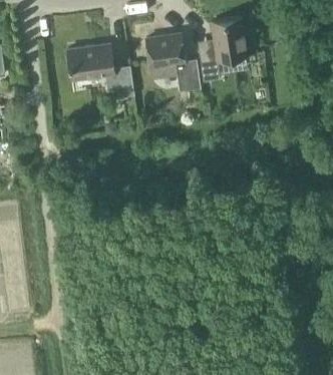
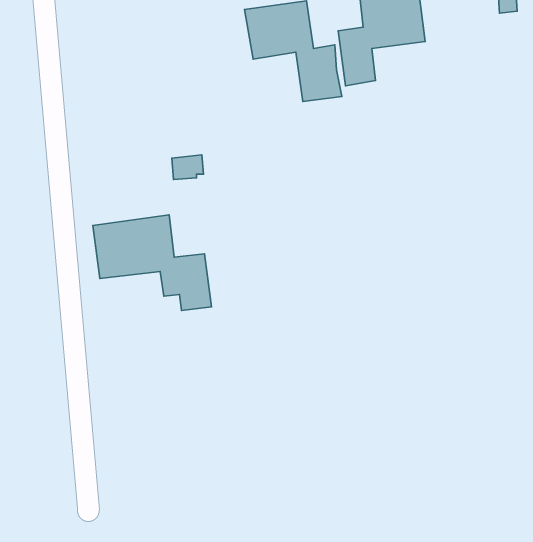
building: [67,45,134,99] -> [93,215,212,310]

